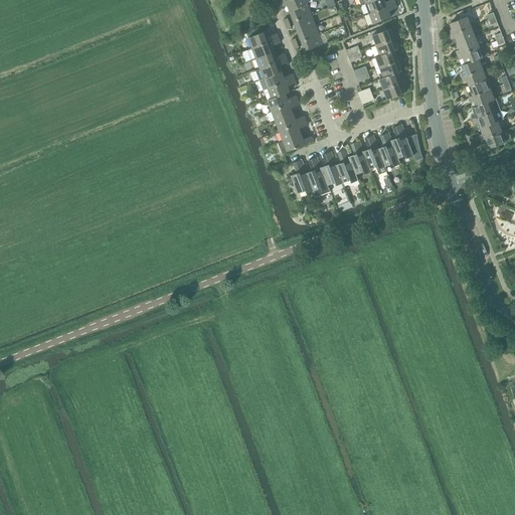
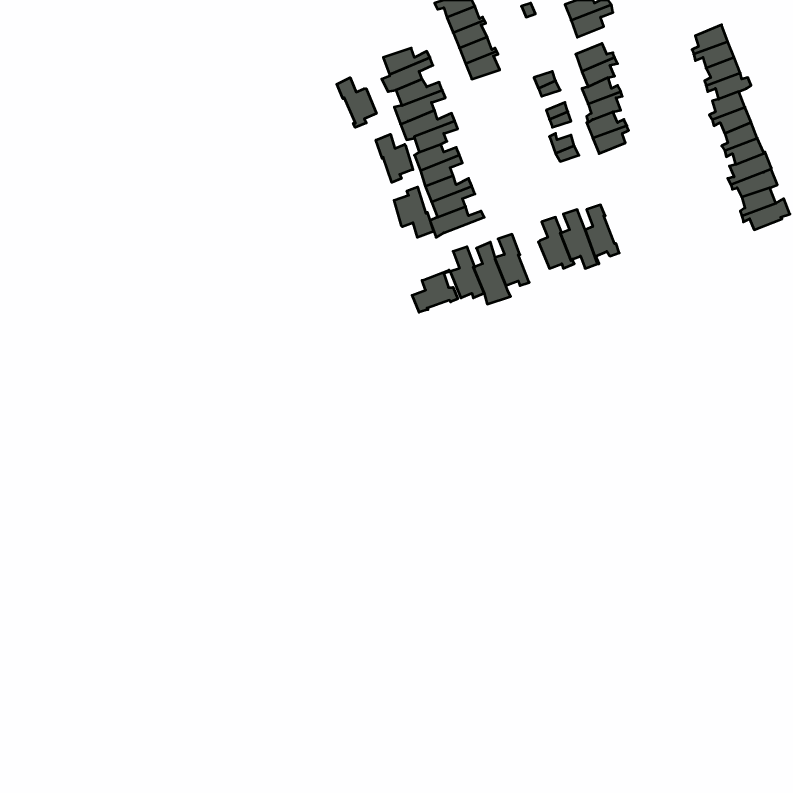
building: none -> [337,78,376,127]
building: none -> [376,134,413,182]
building: none -> [394,187,433,237]
building: [391,124,423,161] -> none
building: [336,149,359,183] -> none
building: none -> [412,270,458,312]

